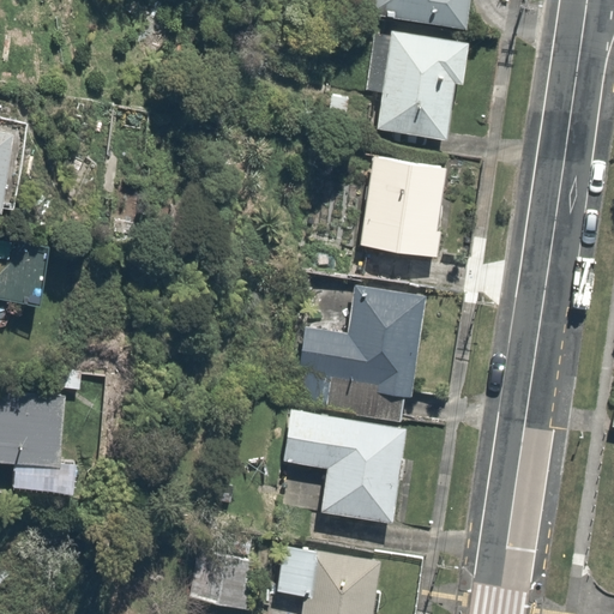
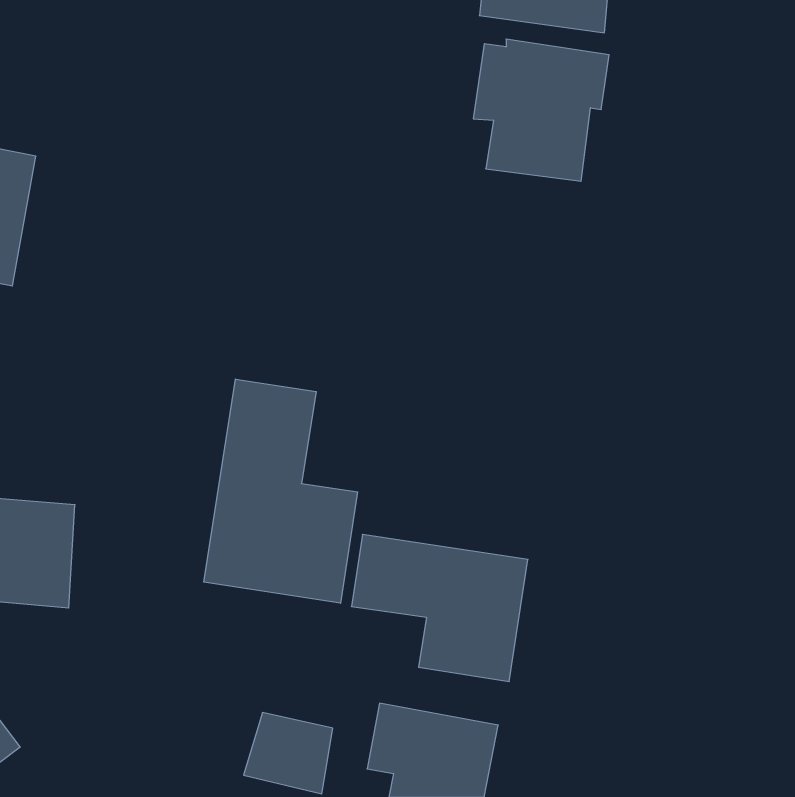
building: [355,155,446,258] -> none
building: [282,290,428,410] -> none
building: none -> [204,379,358,603]

